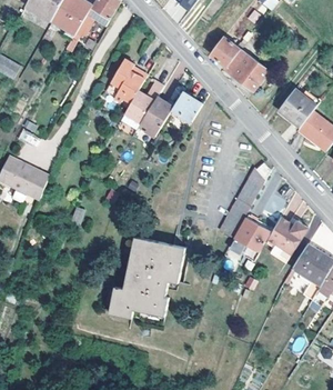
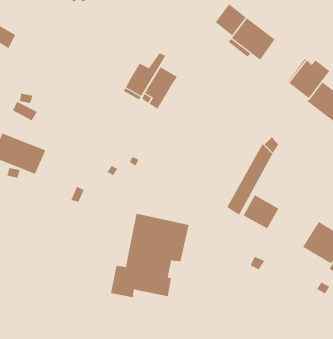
building: [105,60,147,103] -> none
building: [169,90,202,126] -> none
building: [266,219,307,254] -> none

